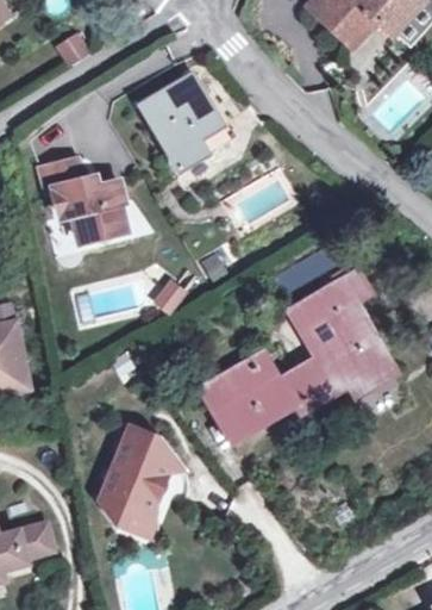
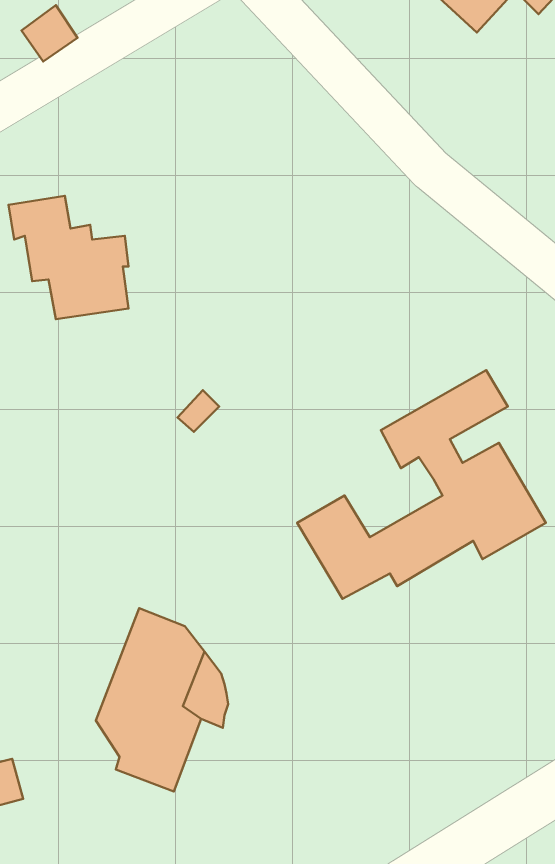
building: [140,74,231,170] -> none
building: [199,369,262,440] -> none

